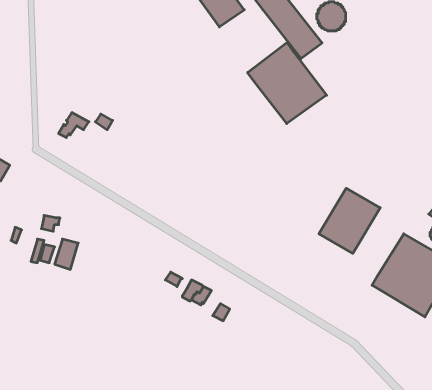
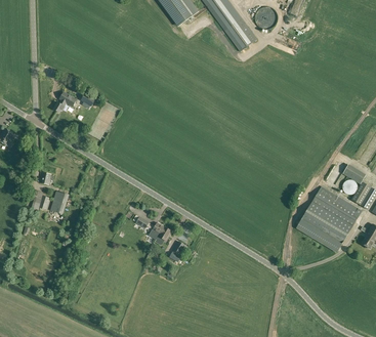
building: [248,43,327,124] -> none
building: [319,188,380,253] -> none

